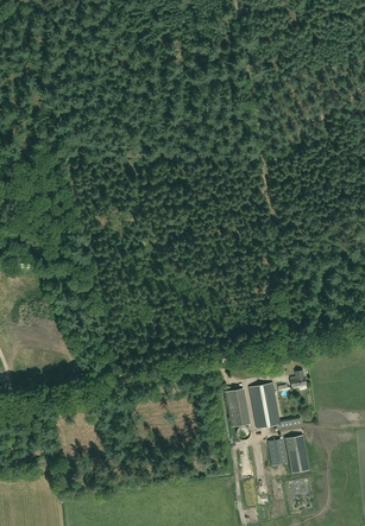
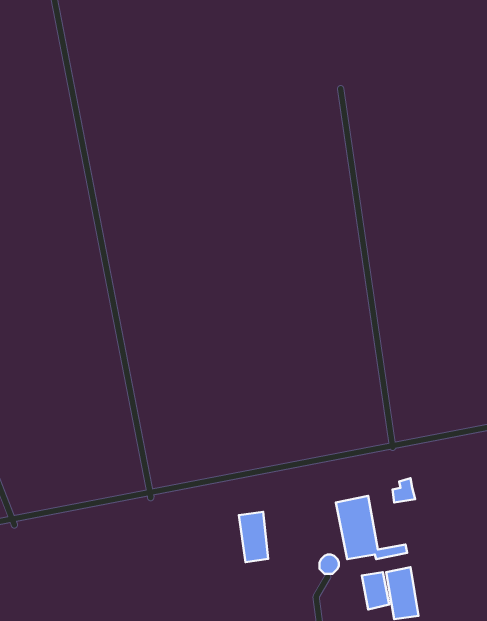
building: [226,386,247,423] -> [239,512,268,562]

